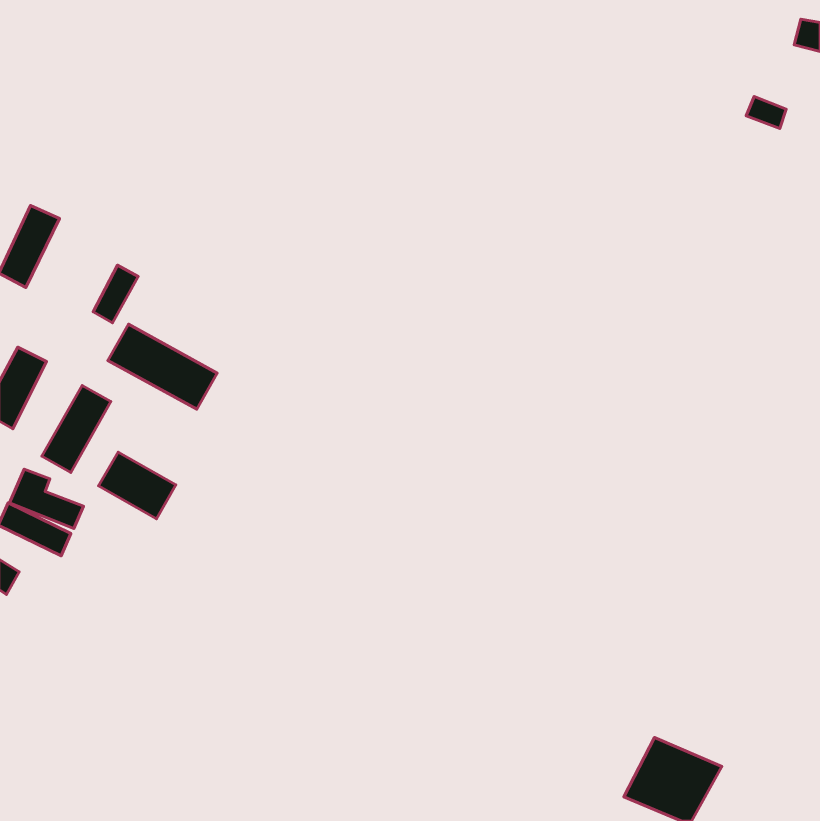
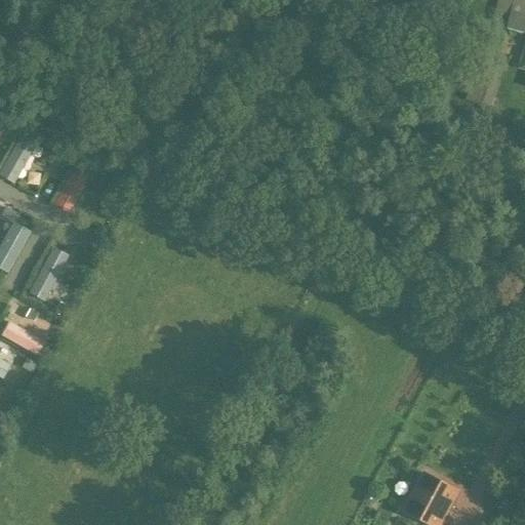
building: [108,324,217,409] -> none
building: [99,452,176,519] -> none

